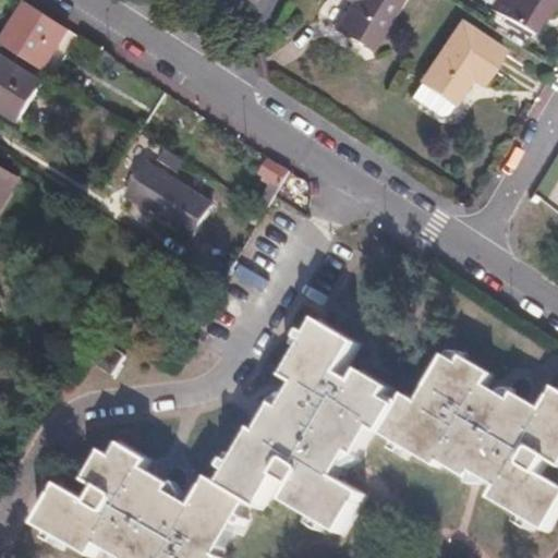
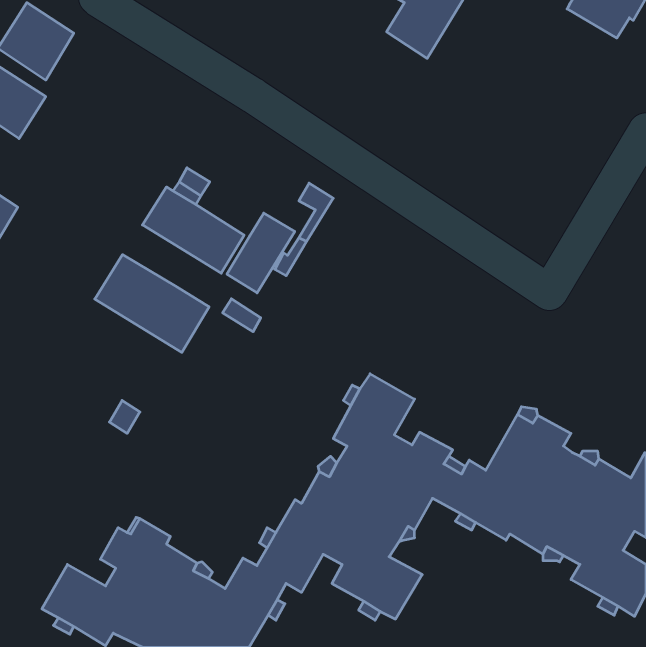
building: [405,19,502,114] -> none
building: none -> [227,213,295,293]
building: none -> [95,255,209,352]

